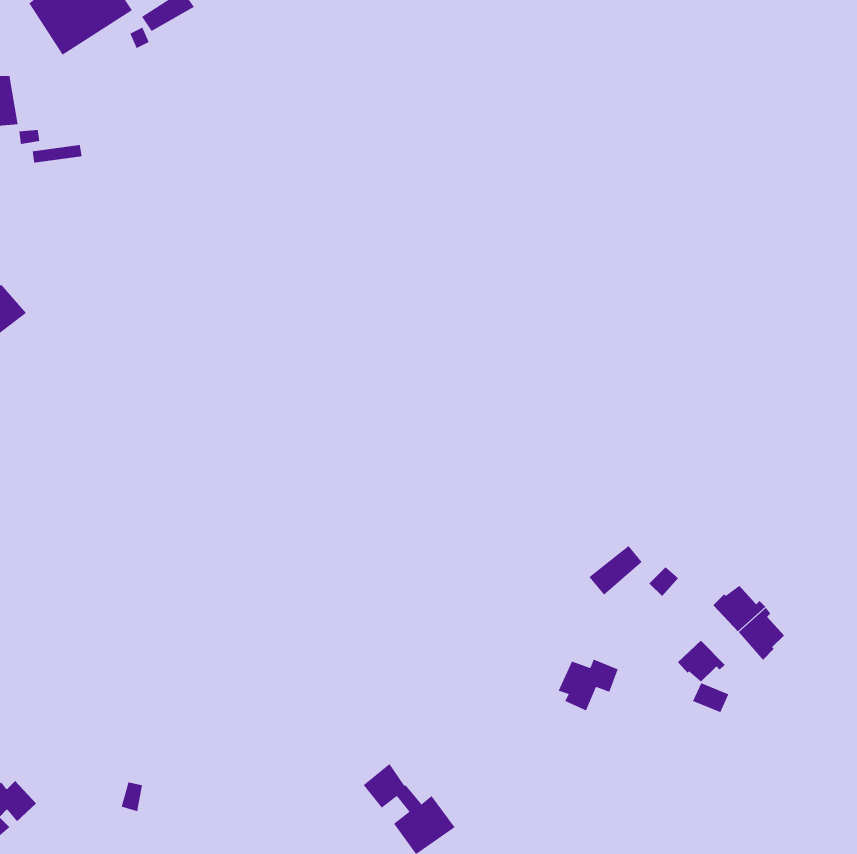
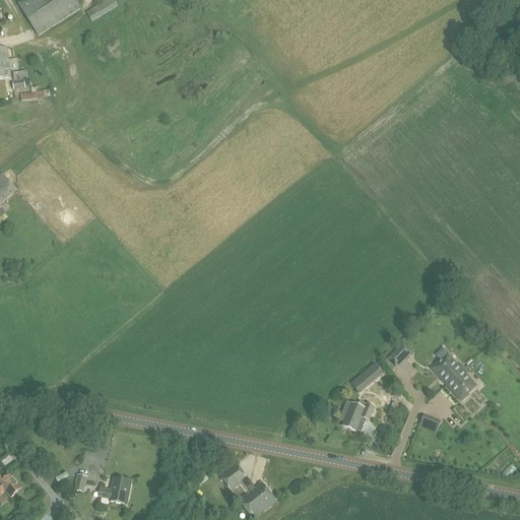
building: [589,545,642,596] -> [349,362,382,392]
building: [677,640,726,683] -> none
building: none -> [98,476,126,502]

